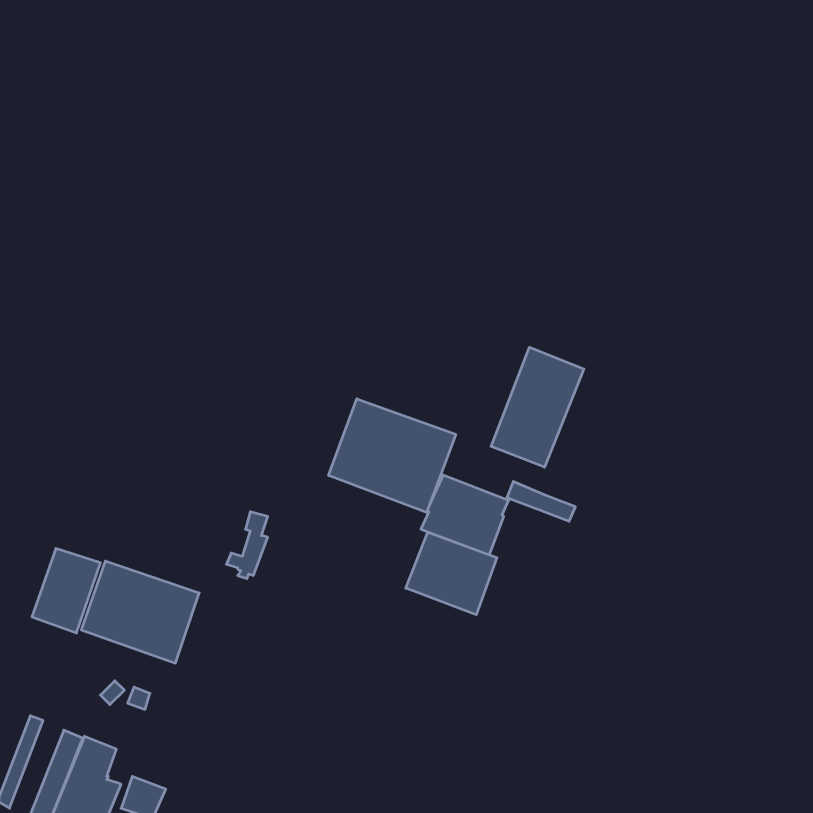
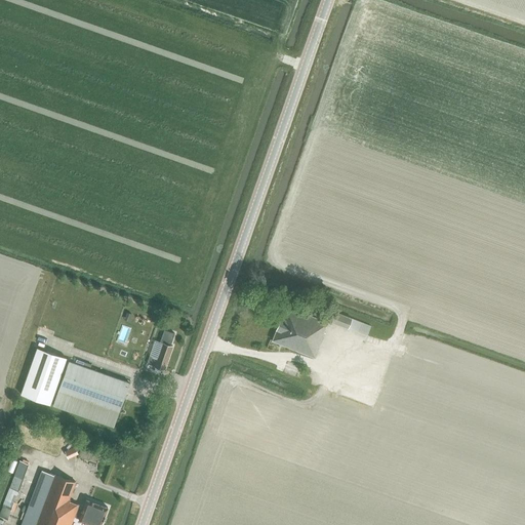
building: [491,347,584,467] -> none
building: [329,399,456,512] -> none
building: [406,532,497,615] -> none

